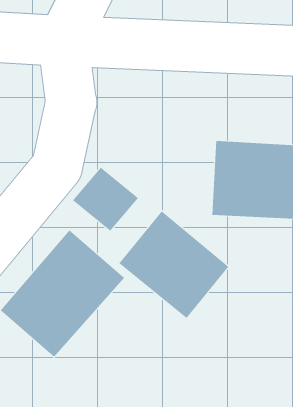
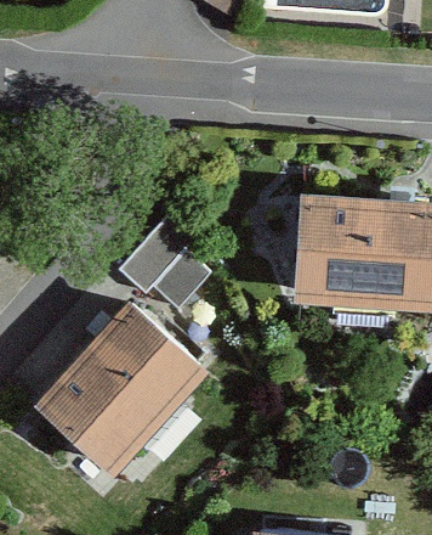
building: [119,211,229,319] -> none

